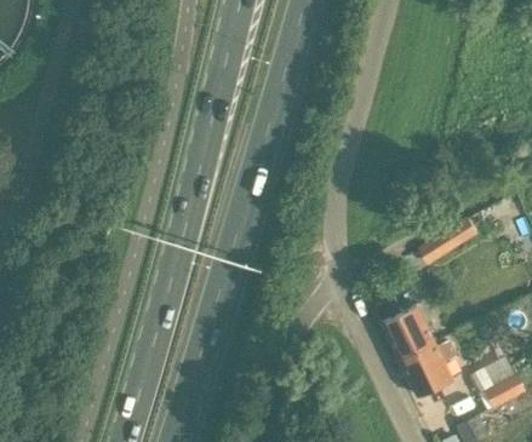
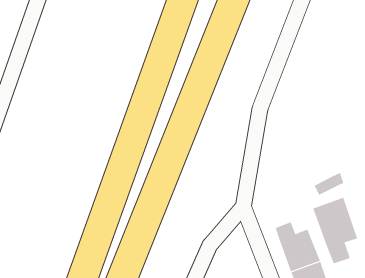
building: none -> [313,197,358,264]

